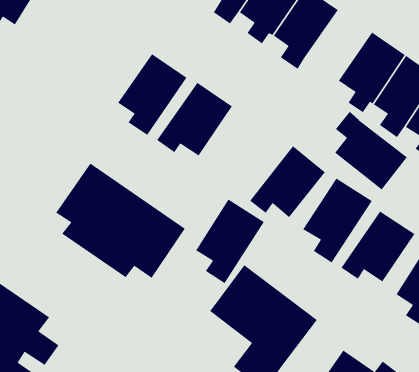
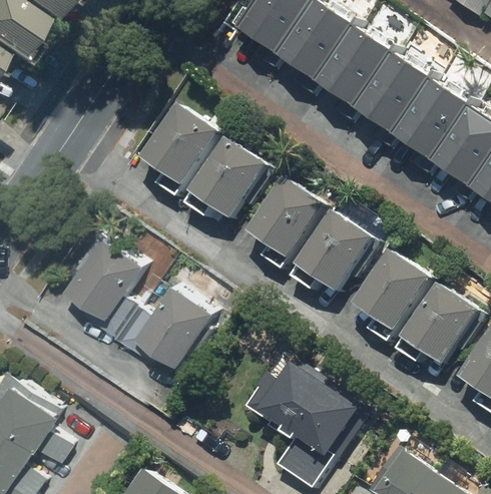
building: none -> [356,53,433,148]
building: [334,111,408,190] -> none
building: [195,198,265,284] -> [247,172,327,272]

